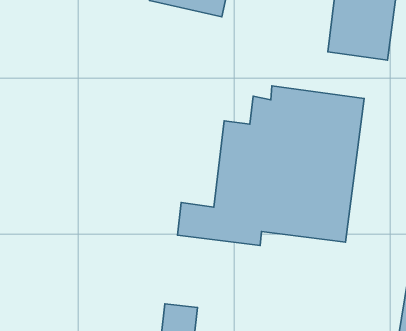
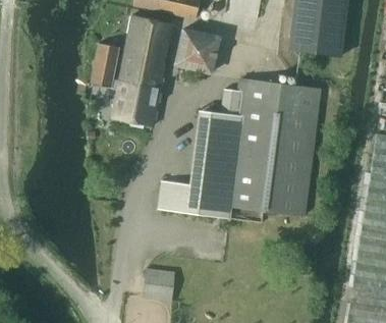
building: none -> [91,15,172,126]
building: none -> [176,28,221,74]

